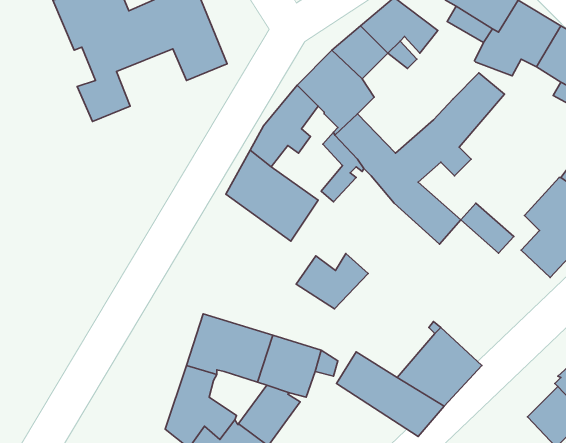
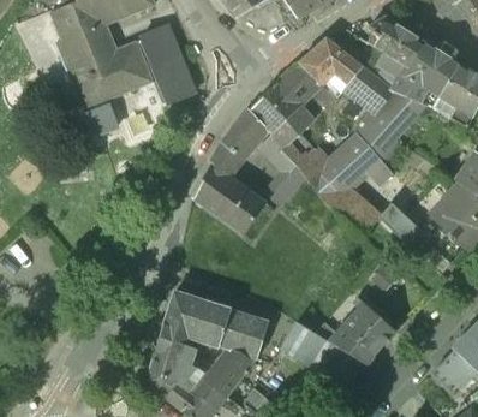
building: none -> [346,66,392,105]
building: [296,253,368,309] -> none

